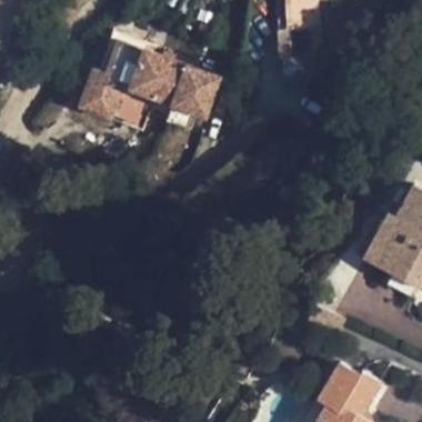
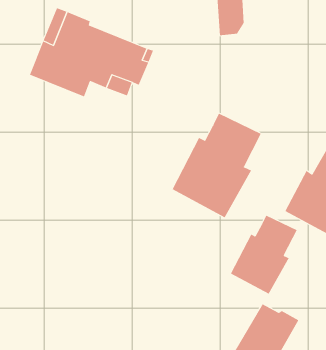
building: none -> [172,113,262,218]
building: none -> [230,215,297,295]

